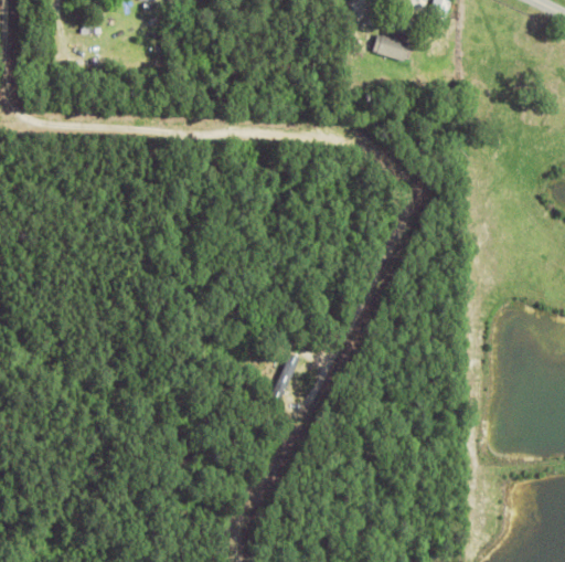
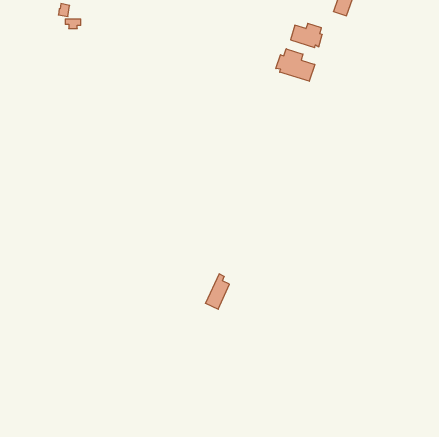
building: none -> [276,49,315,81]

